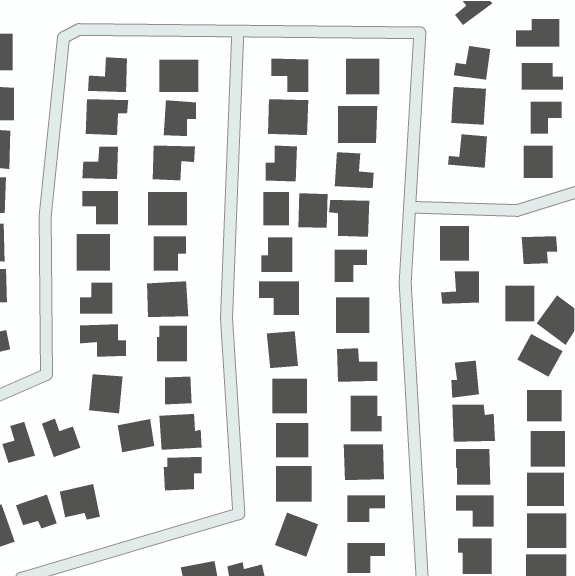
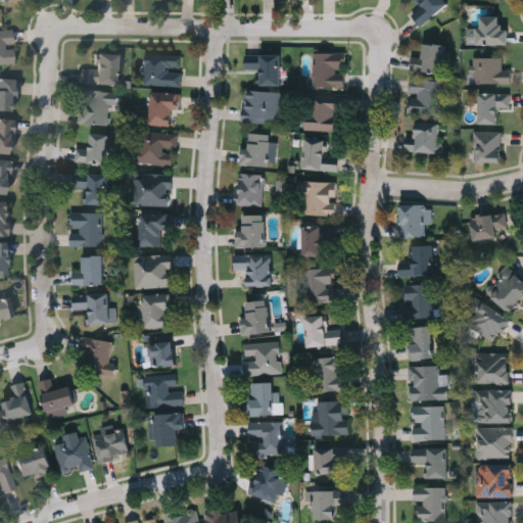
building: [297,193,329,229] -> none
building: [505,285,535,322] -> [405,286,432,320]
building: [117,418,155,453] -> [92,430,127,462]

